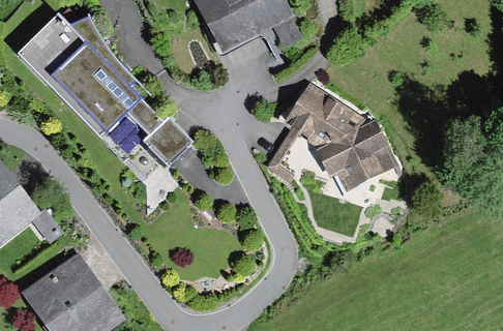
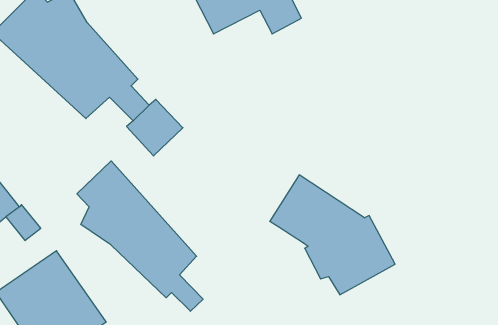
building: [282,82,396,191] -> [270,175,395,295]
building: none -> [77,161,203,311]

